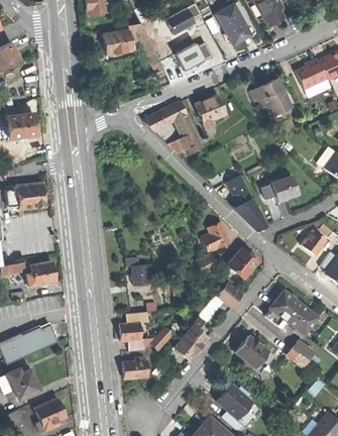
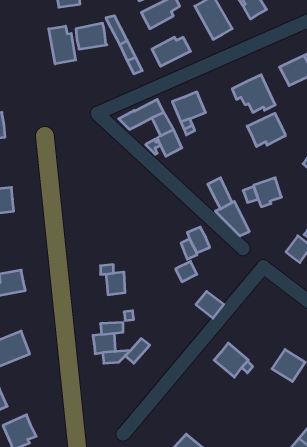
building: none -> [49,26,76,64]
building: none -> [247,113,285,147]
building: [228,249,258,280] -> none
building: [266,290,313,332] -> none
building: [176,317,207,359] -> none
building: [124,359,148,379] -> none
building: [214,382,248,416] -> none

